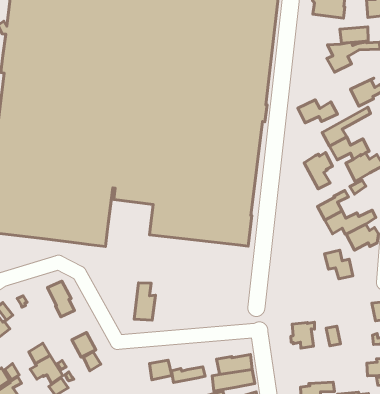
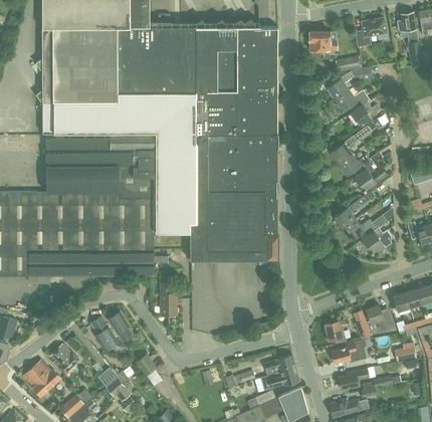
building: [298,100,337,123] -> [334,89,369,111]
building: [304,153,332,189] -> none
building: [325,250,353,279] -> [365,305,392,331]
building: [134,283,155,320] -> [160,282,176,315]
building: none -> [89,315,118,351]
building: none -> [331,340,365,363]

